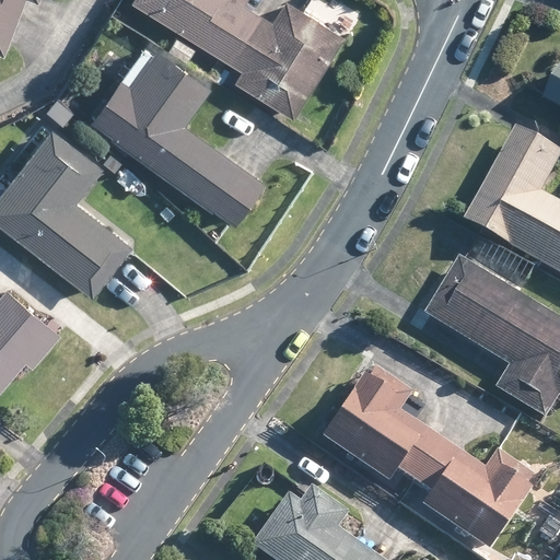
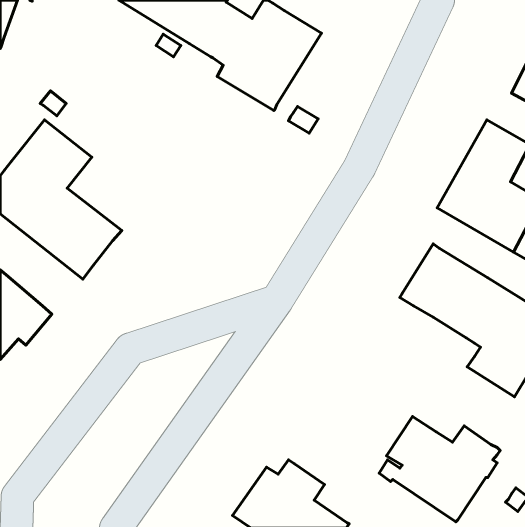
building: [89,44,264,224] -> none
building: [318,369,440,483] -> none

